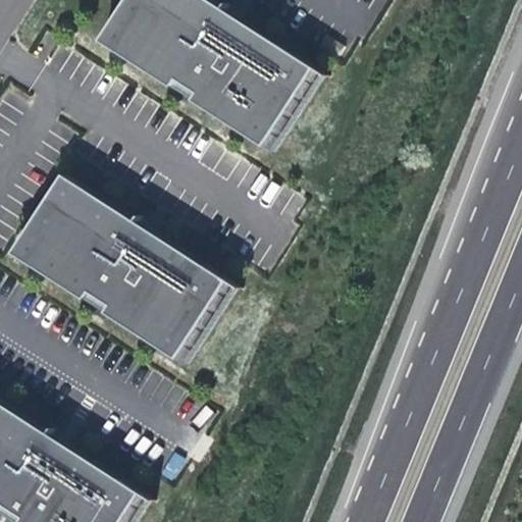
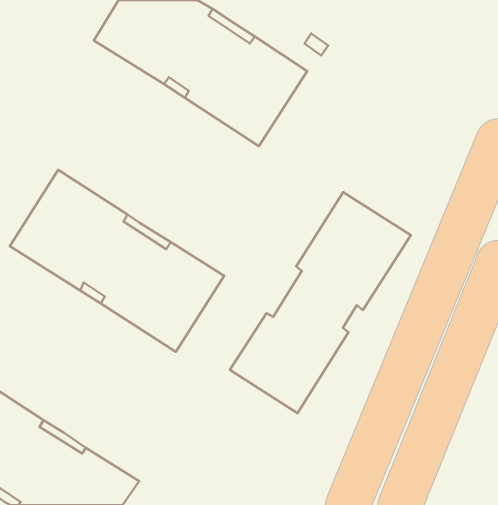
building: none -> [230,192,411,413]

